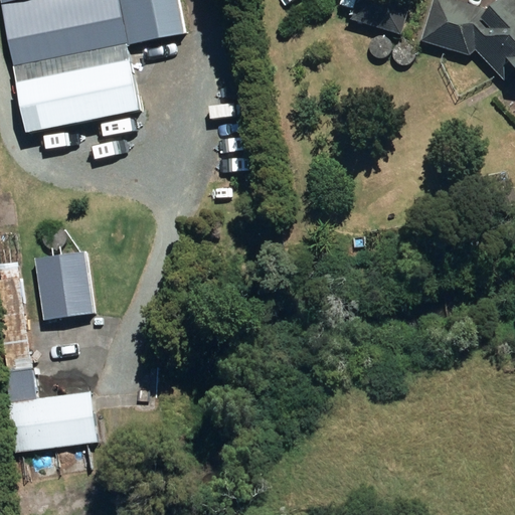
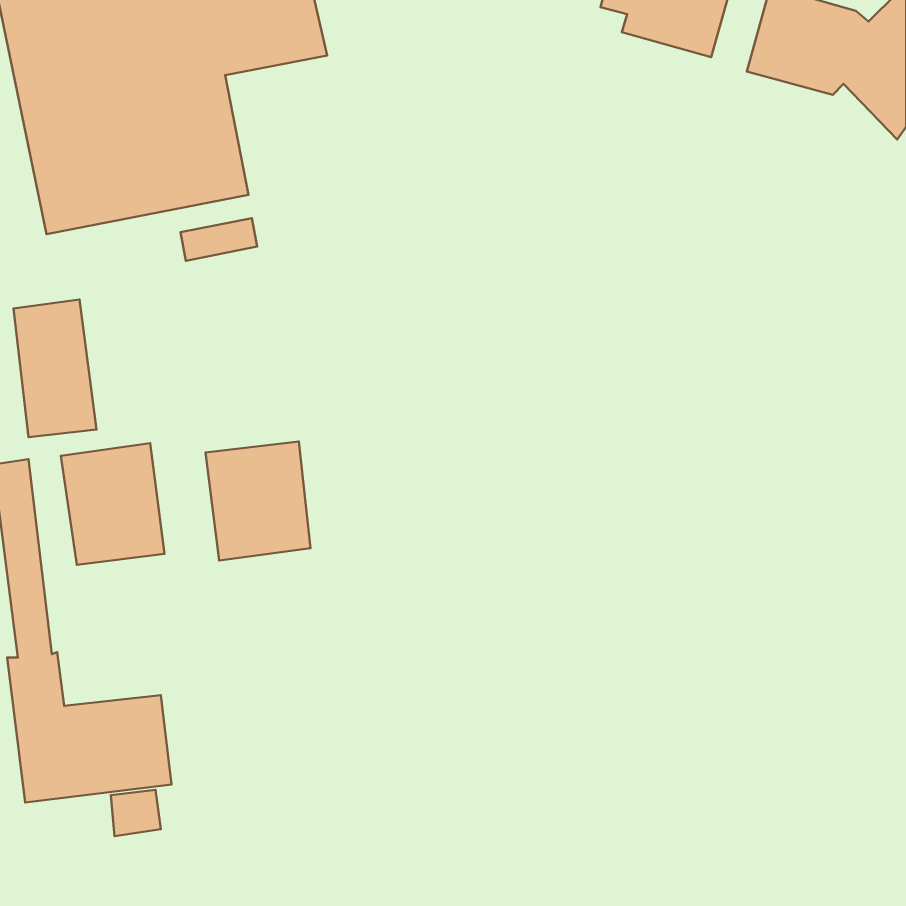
building: none -> [13,299,96,437]
building: none -> [205,441,311,560]

